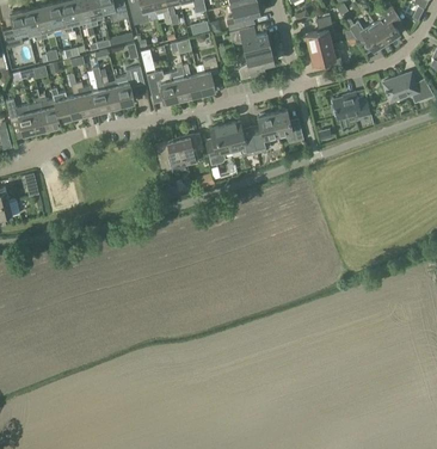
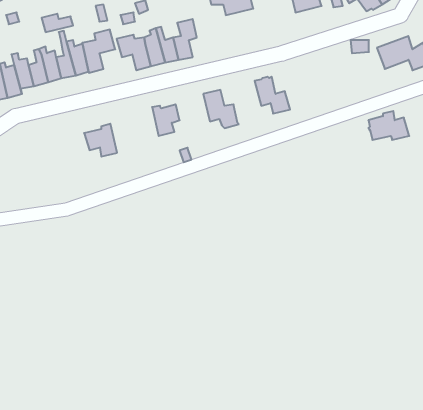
building: [309,44,343,68] -> none
building: [239,47,275,79] -> none
building: [334,92,371,118] -> [368,111,409,140]
building: [253,112,278,150] -> none
building: [208,124,232,165] -> none
building: [155,136,185,166] -> [84,124,117,157]

